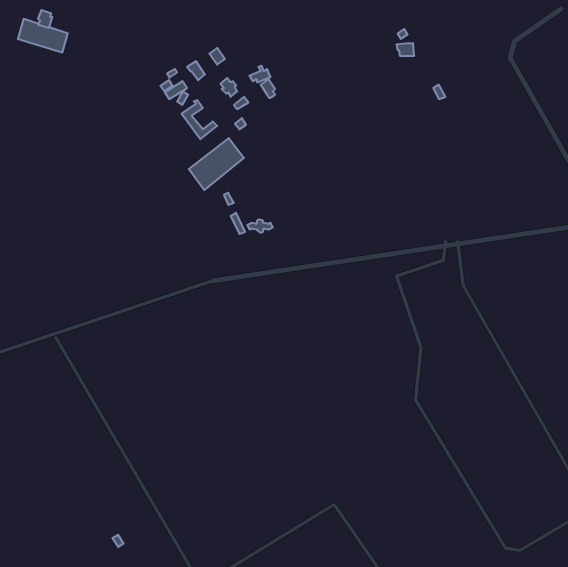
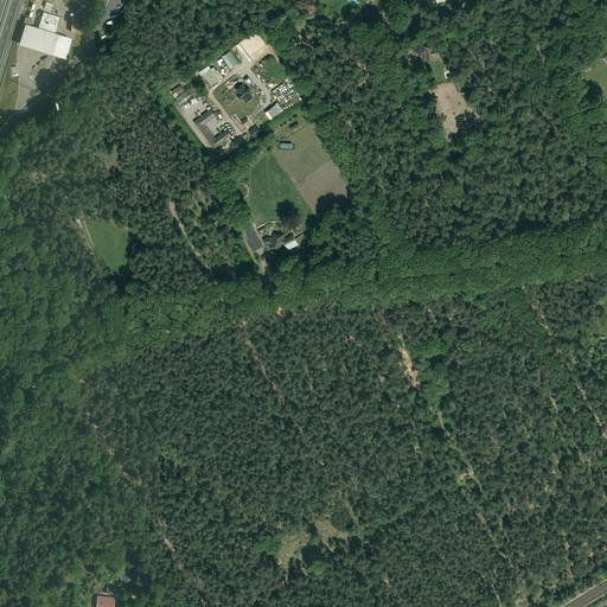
building: [189,138,244,190] -> none

